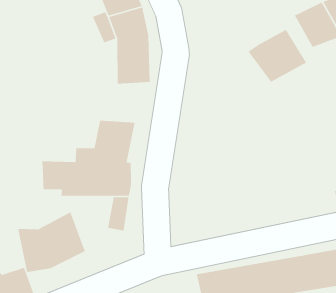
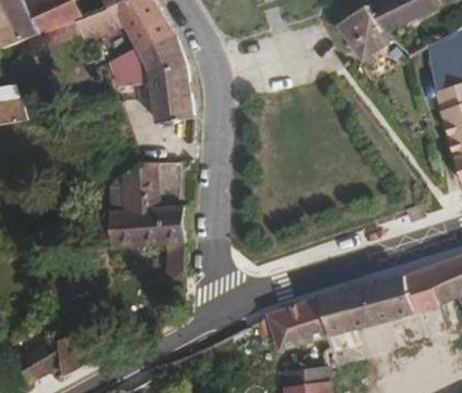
building: [247,29,307,83] -> none
building: [17,211,86,273] -> none

